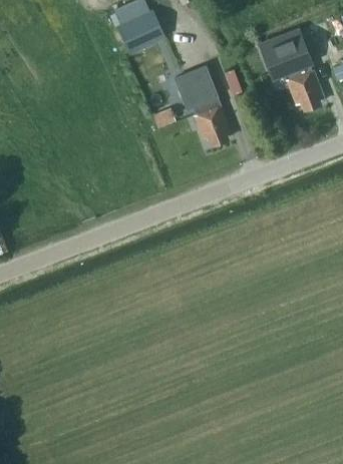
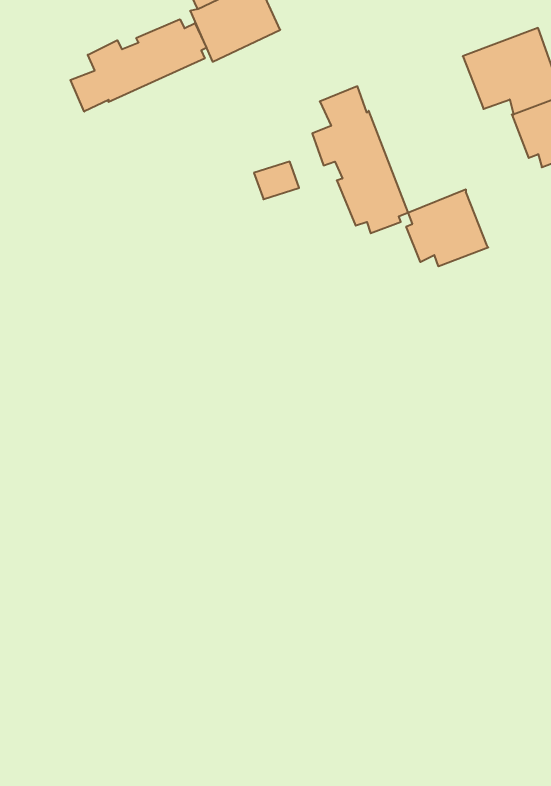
building: none -> [70,19,206,112]
building: none -> [406,189,488,266]

